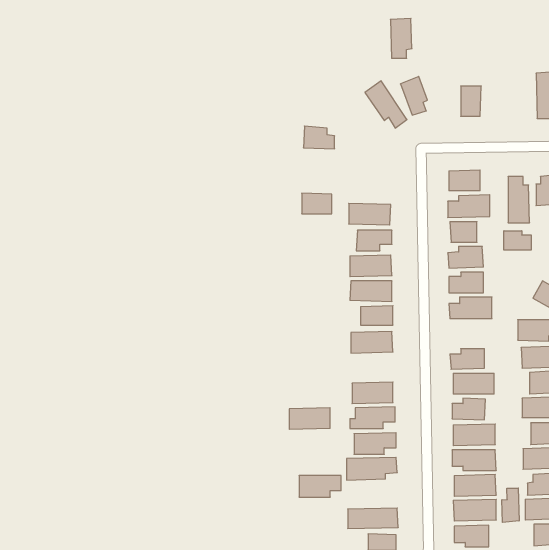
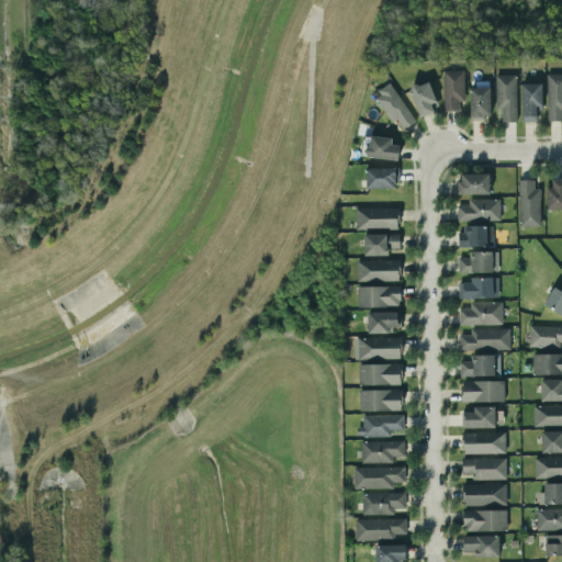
building: [390,18,412,58] -> [443,70,465,111]
building: none -> [496,75,517,122]
building: none -> [521,83,542,122]
building: [303,126,335,149] -> [368,136,400,159]
building: [302,193,332,214] -> [368,168,398,189]
building: [504,231,531,250] -> none
building: none -> [460,328,510,351]
building: [289,408,330,429] -> [360,363,402,385]
building: [299,476,341,497] -> [363,493,406,515]
building: [502,488,519,522] -> none

